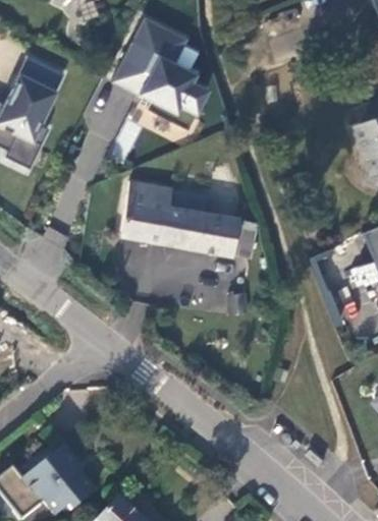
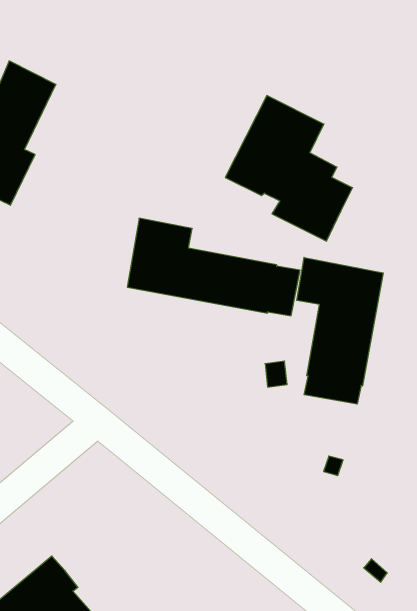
building: [110,17,210,131] -> [225,96,353,241]
building: none -> [297,257,383,404]

